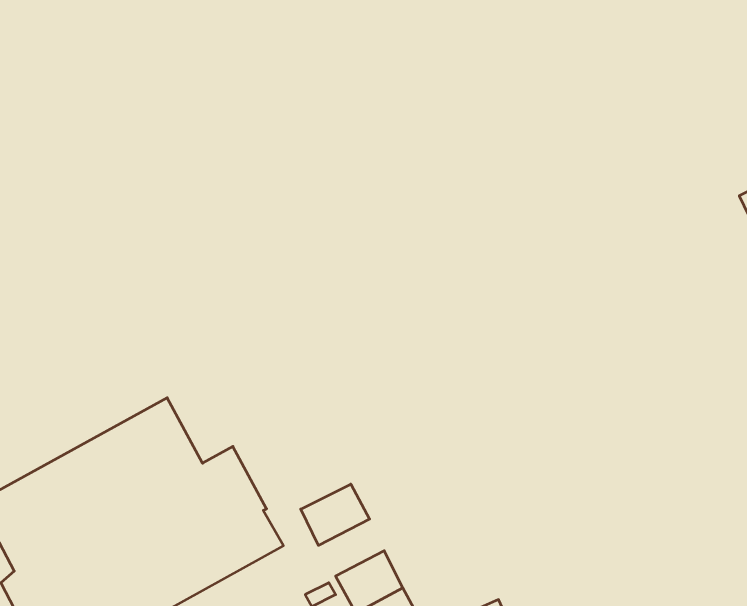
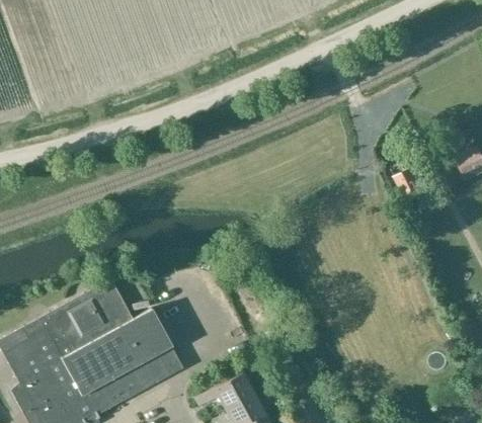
building: [301,484,370,545] -> none

